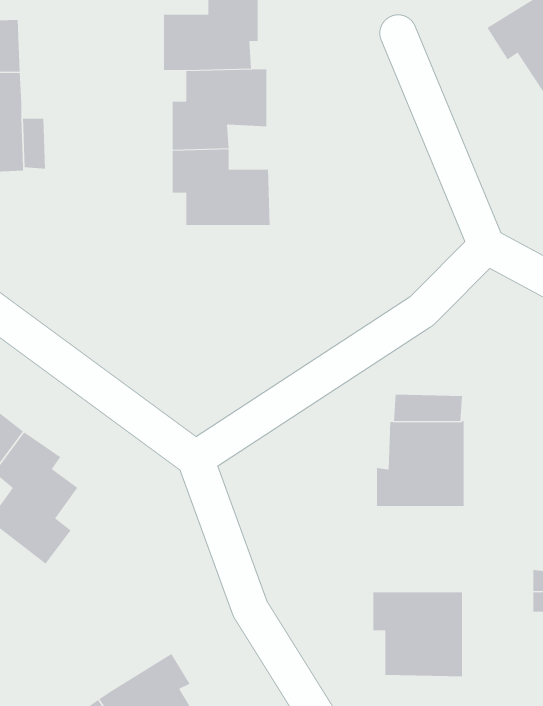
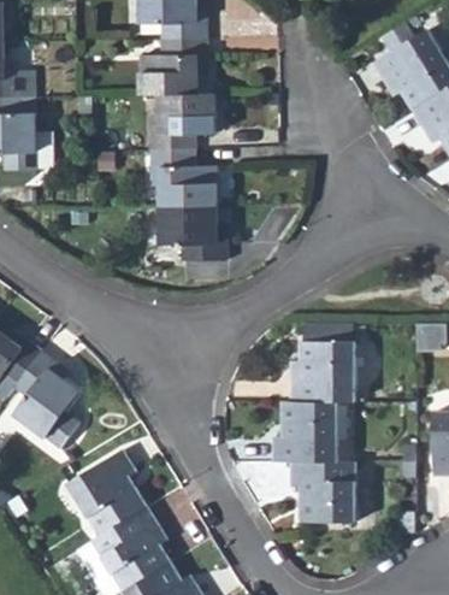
building: none -> [156,205,223,257]
building: none -> [272,403,336,464]
building: none -> [71,452,147,535]

